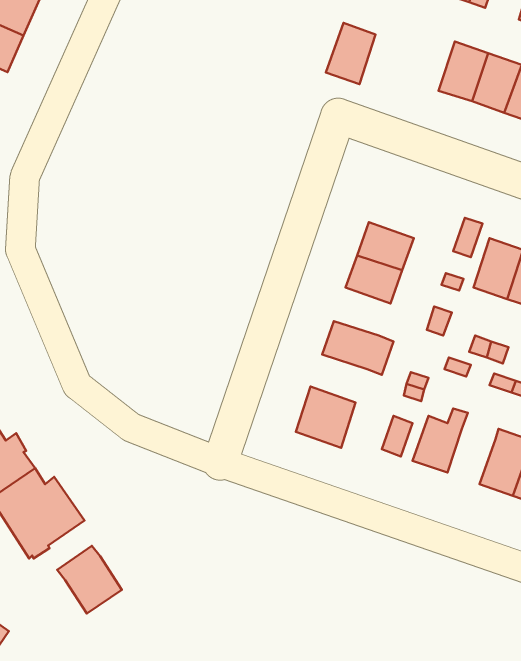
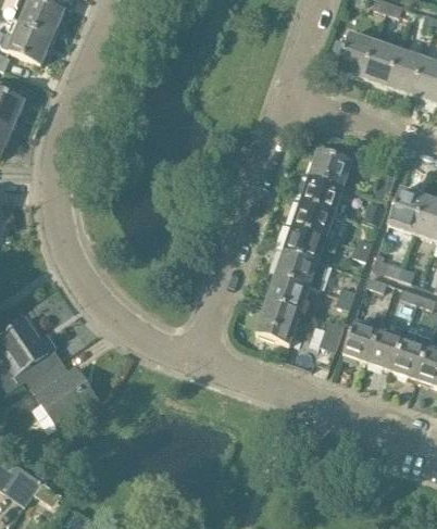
building: [326,23,375,84] -> [337,33,374,78]
building: none -> [310,151,352,188]
building: none -> [284,225,337,261]
building: none -> [266,275,309,311]
building: none -> [369,330,404,371]
building: [57,546,122,614] -> none

